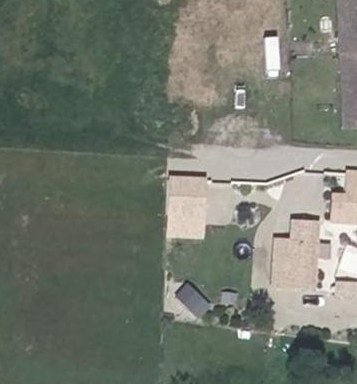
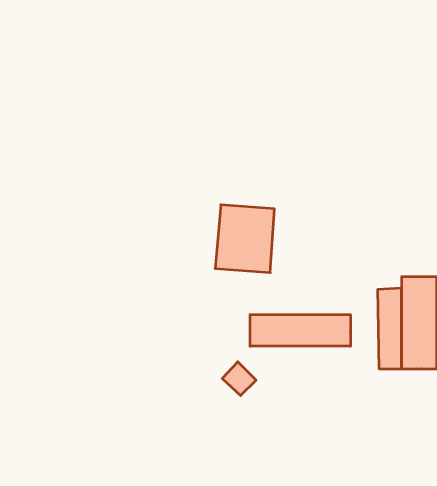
building: none -> [250,315,350,346]

